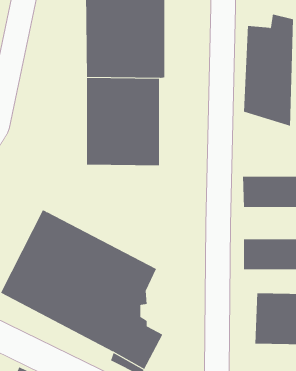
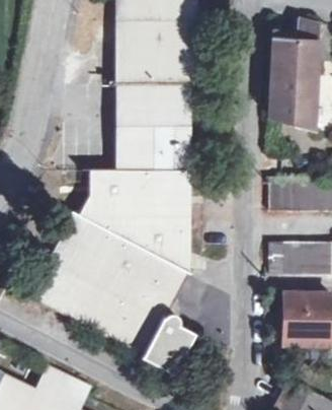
building: none -> [79,168,189,272]

